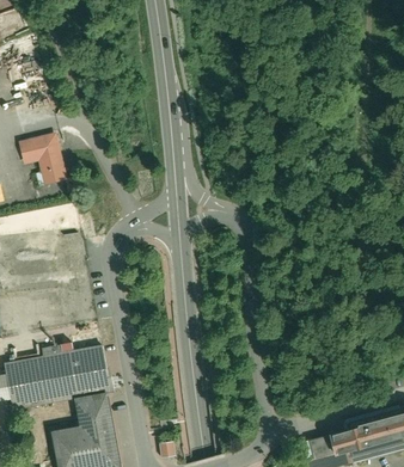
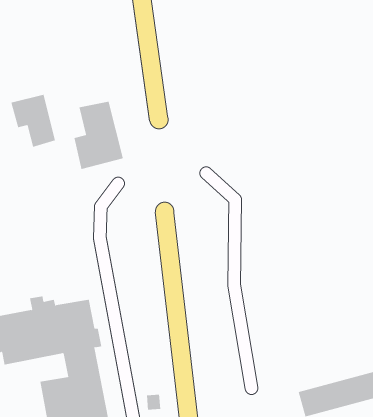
building: none -> [74,101,123,170]

